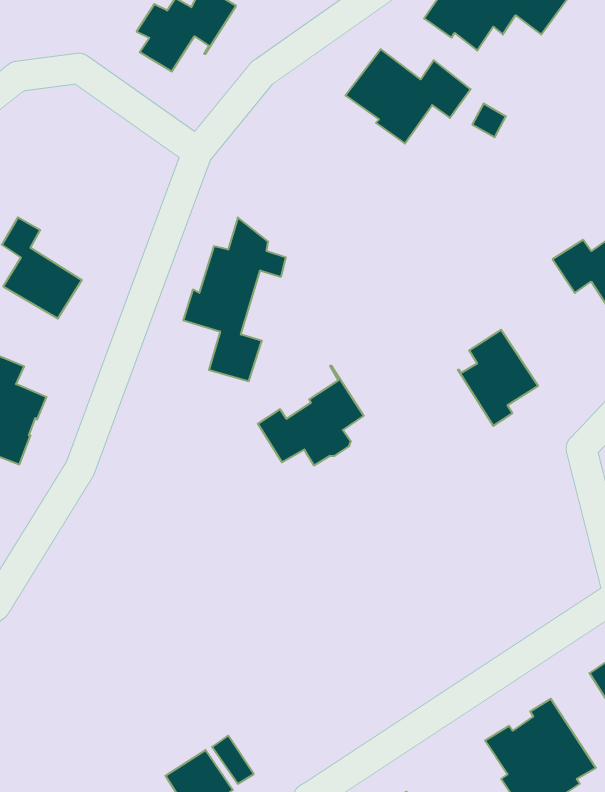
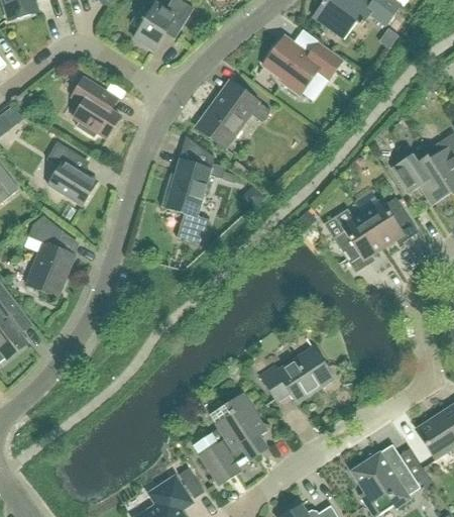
building: none -> [74,77,120,137]
building: none -> [196,90,270,147]
building: none -> [360,196,419,246]
building: [258,366,364,465] -> [260,337,327,400]
building: none -> [192,392,267,485]

